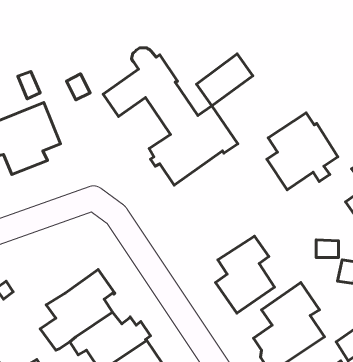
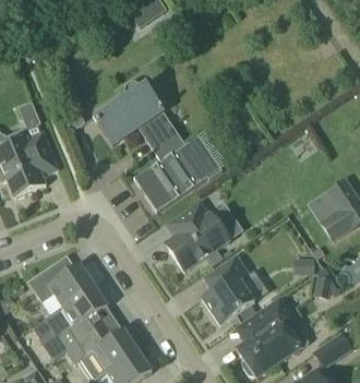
building: [196,54,253,106] -> none
building: [267,113,338,190] -> [165,201,230,272]
building: none -> [26,264,93,307]

